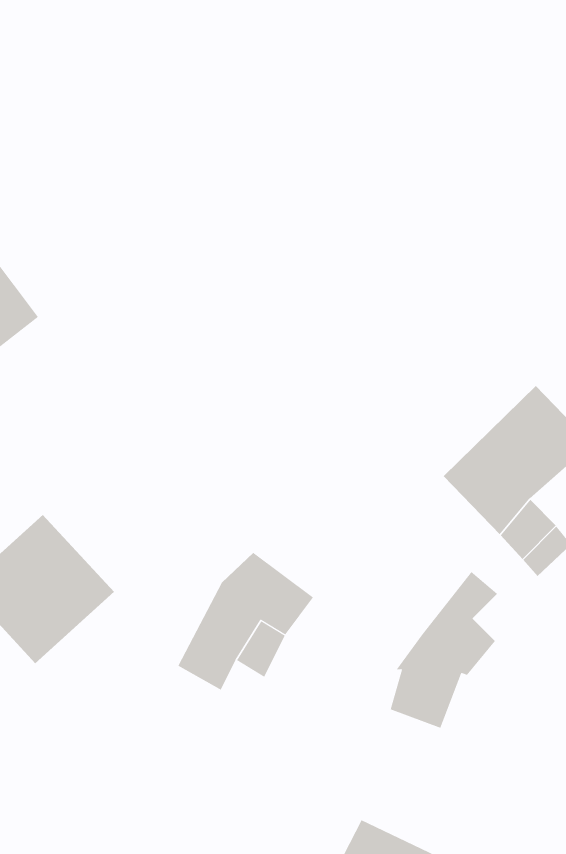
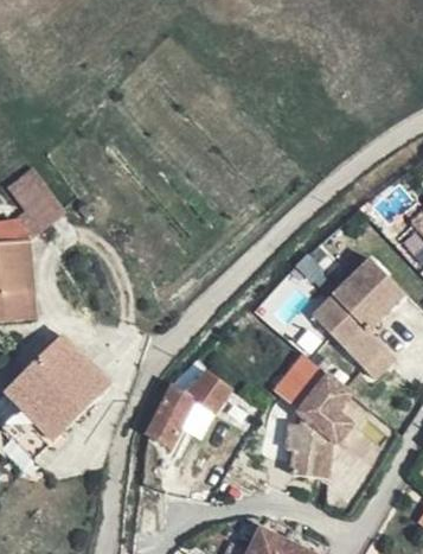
building: none -> [276,354,329,435]

